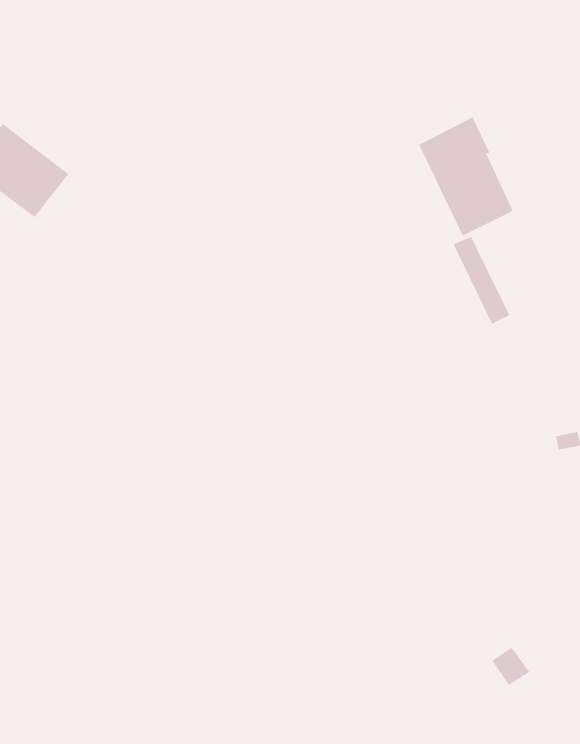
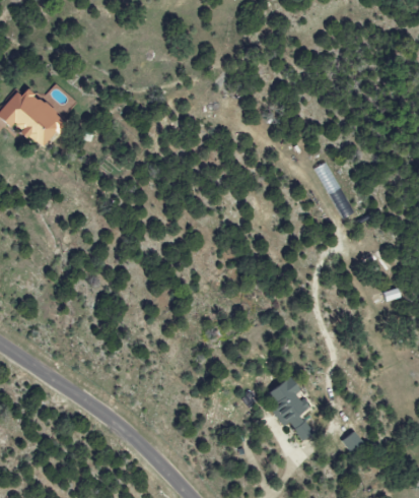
building: [418,117,513,236] -> none
building: none -> [267,377,312,439]

